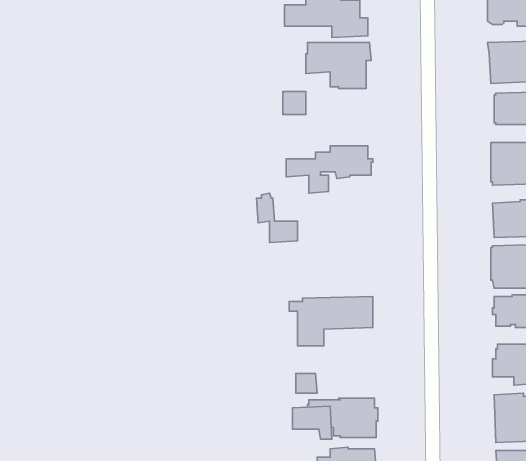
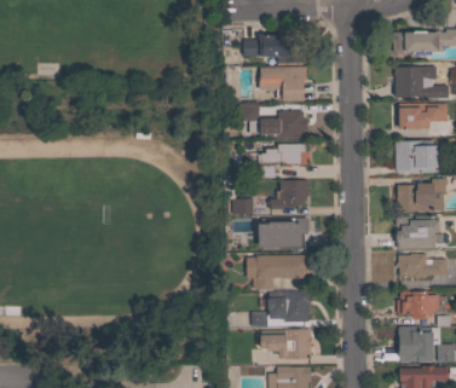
building: none -> [267,111,307,138]
building: none -> [267,180,307,209]
building: none -> [269,216,310,253]
building: none -> [267,291,310,323]

